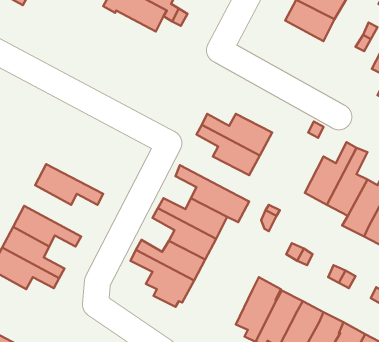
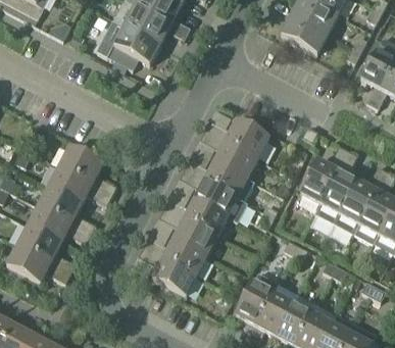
building: none -> [100,23,160,69]
building: none -> [58,146,116,194]
building: none -> [183,158,247,196]
building: none -> [38,186,96,234]

